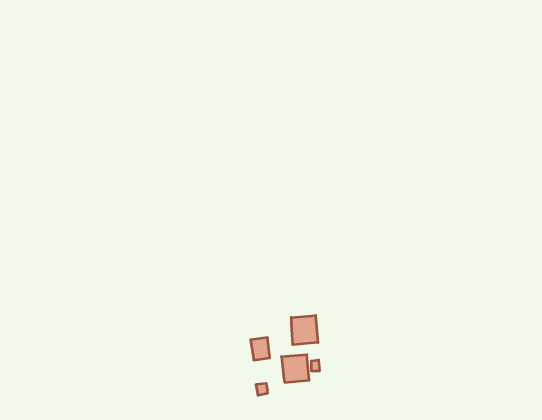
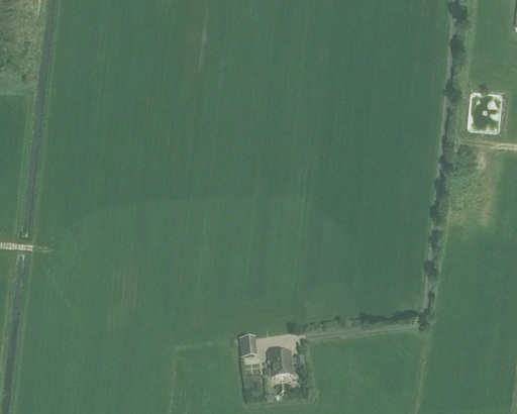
building: [291,315,318,345] -> none

